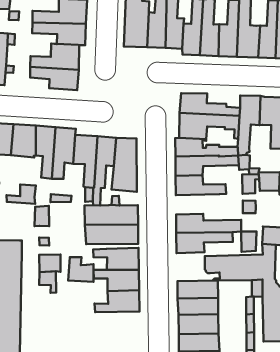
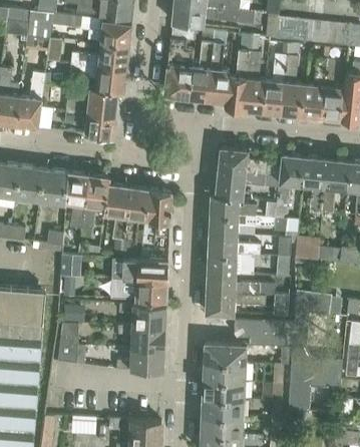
building: none -> [208,254,254,276]
building: [68,257,94,282] -> [58,338,85,365]

